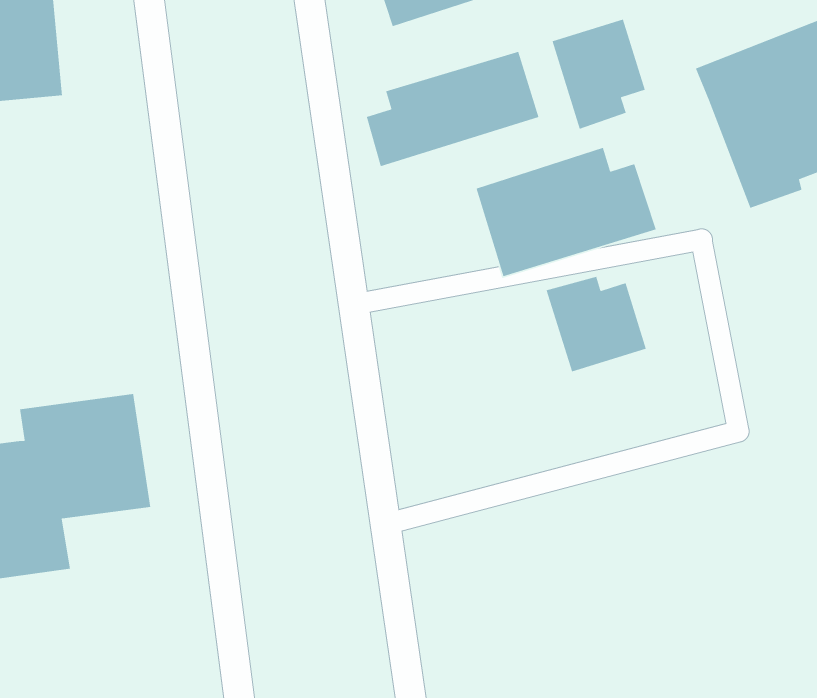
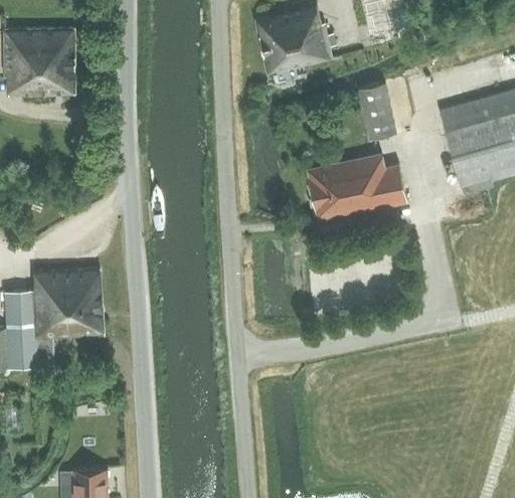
building: [366,51,540,167] -> none
building: [546,276,647,372] -> none

